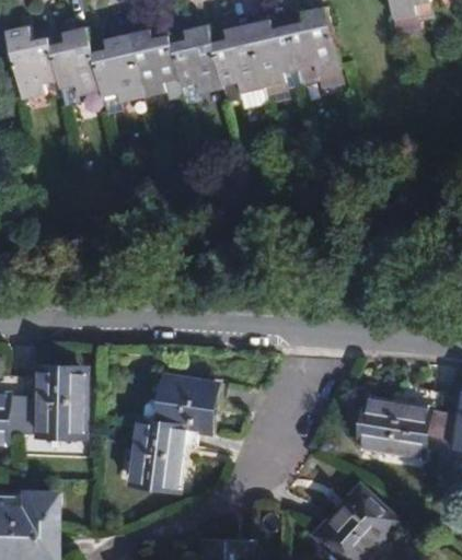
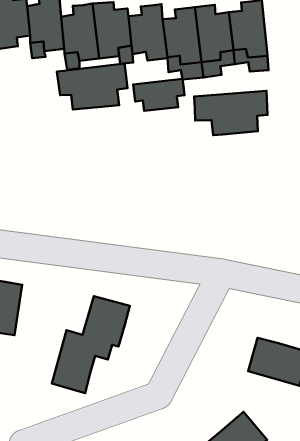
building: none -> [57,63,127,110]
building: none -> [133,79,184,111]
building: none -> [194,91,268,135]

